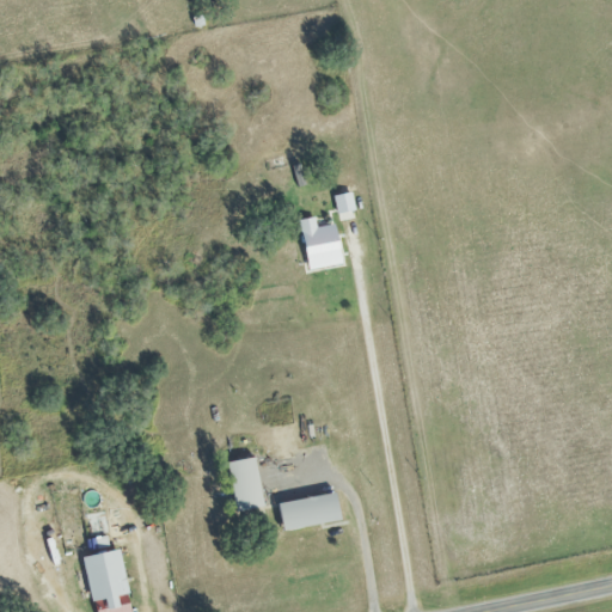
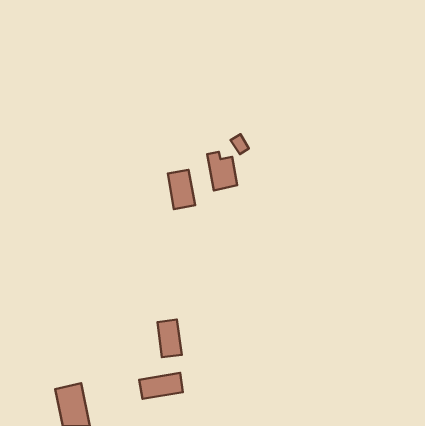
building: none -> [168,170,195,209]
building: [279,491,341,528] -> [139,373,183,399]

